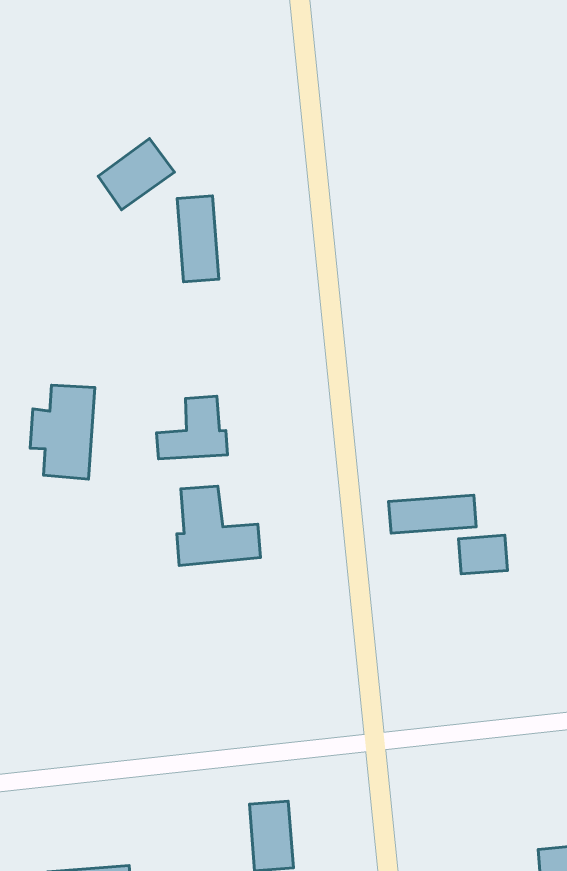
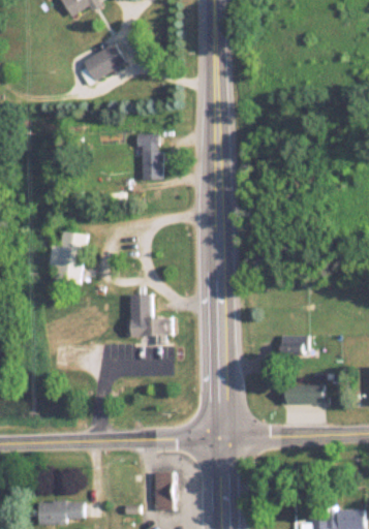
building: [98,139,174,210] -> [84,42,126,81]
building: [157,396,228,459] -> none
building: [389,495,476,533] -> [279,385,327,403]

